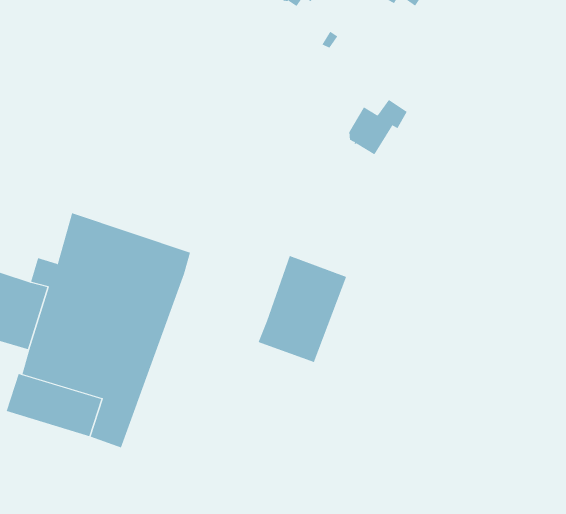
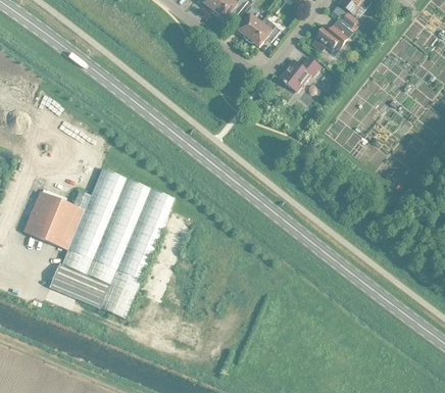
building: [348,99,407,155] -> [282,56,320,91]
building: [258,255,347,363] -> none

